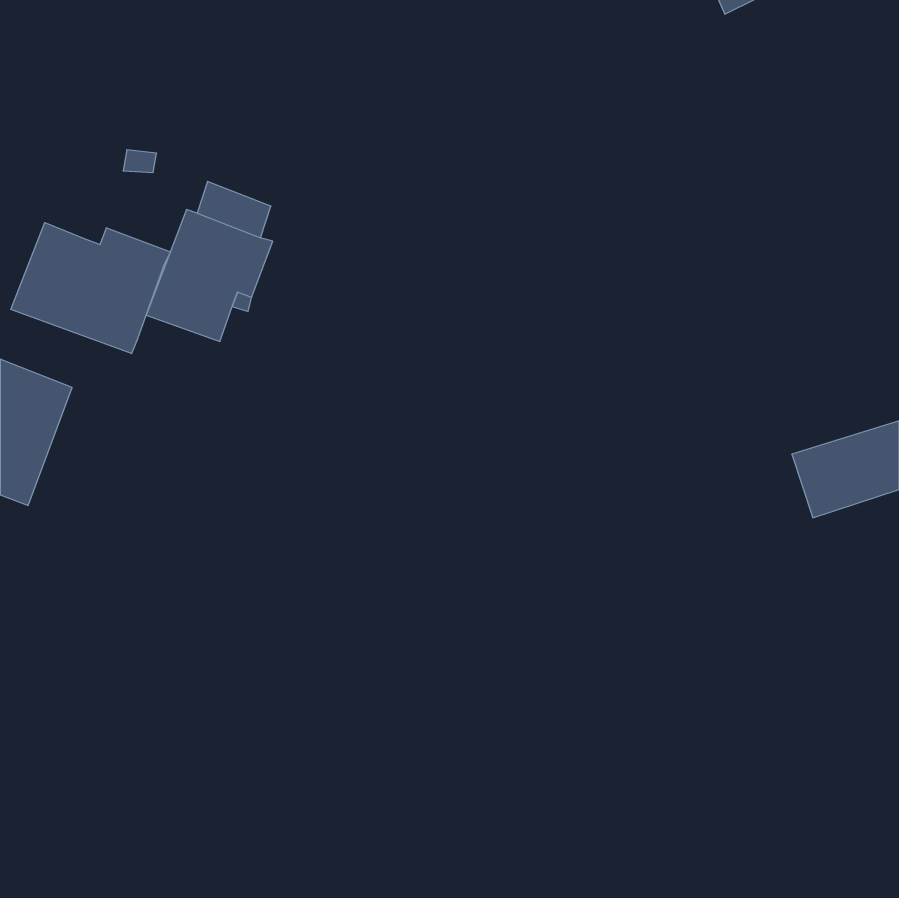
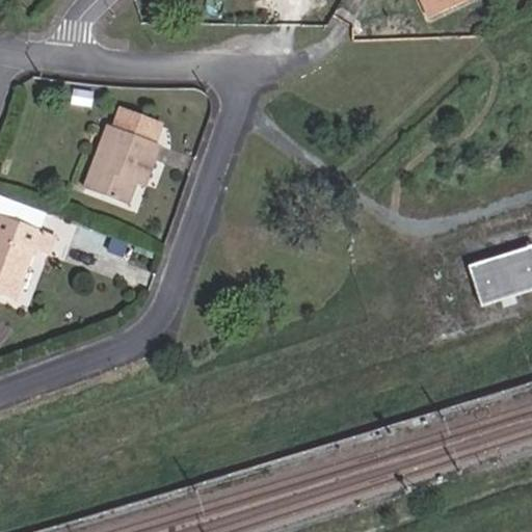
building: [11,223,170,354] -> none

